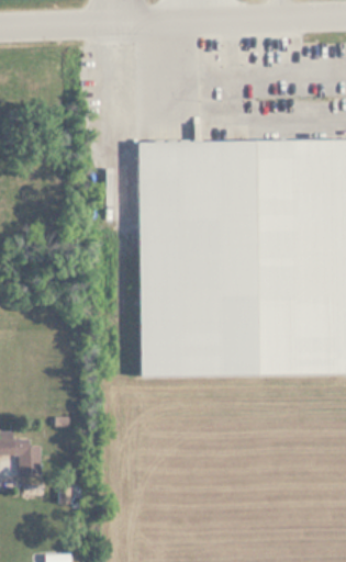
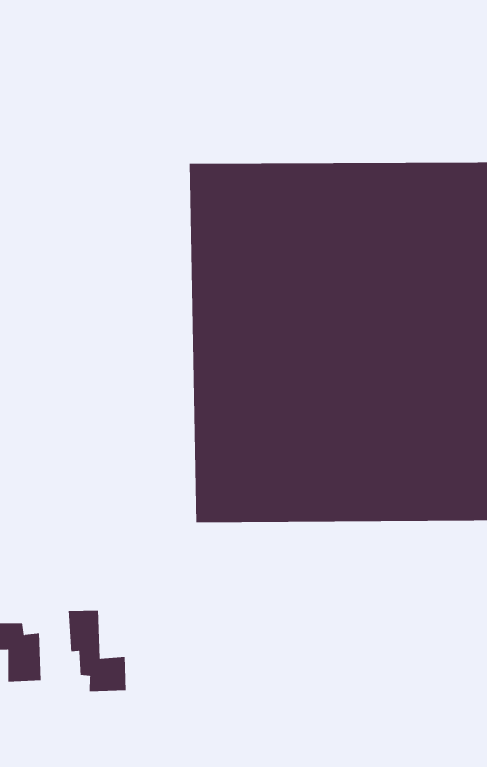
building: none -> [68,610,126,692]

